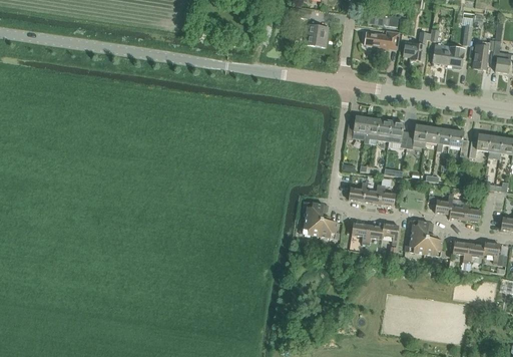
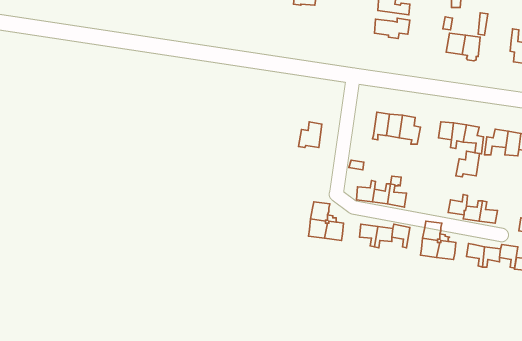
building: [306,24,328,45] -> none
building: [404,32,428,60] -> none
building: [473,39,495,69] -> none
building: [346,115,368,139] -> [298,122,322,148]
building: [406,124,428,148] -> [456,151,479,177]

